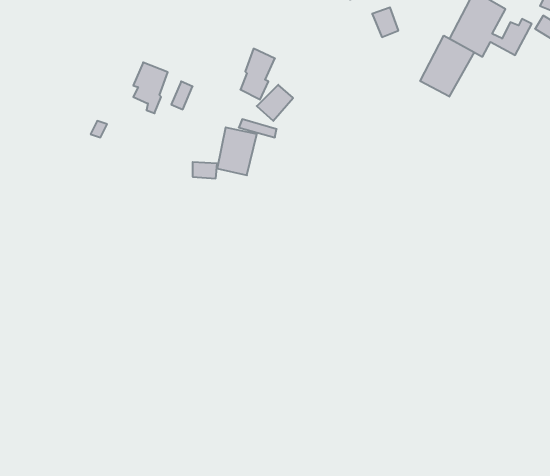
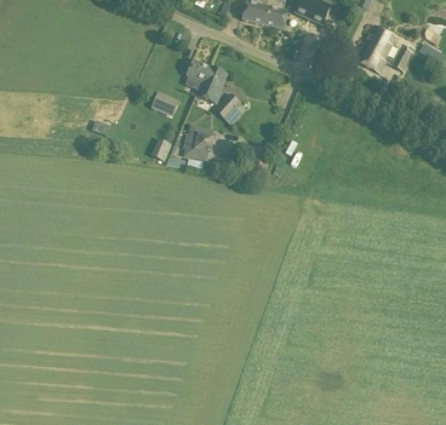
building: [420,36,474,97] -> none
building: [133,62,168,113] -> [187,61,212,98]

